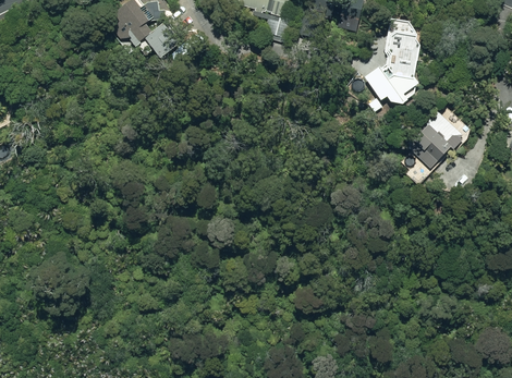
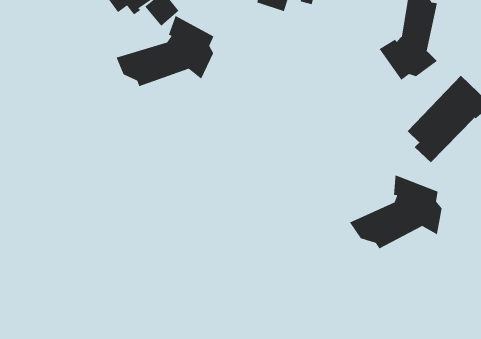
building: none -> [116,15,215,87]
building: none -> [349,174,443,249]

